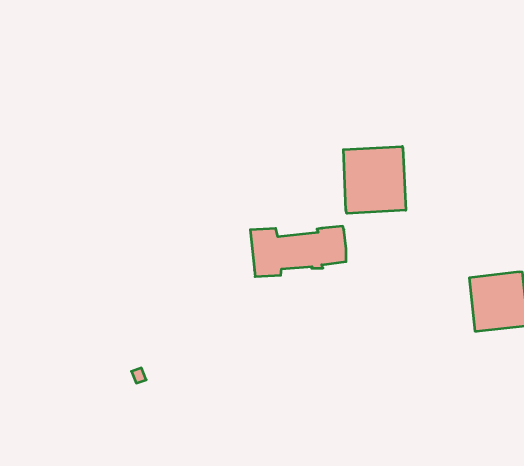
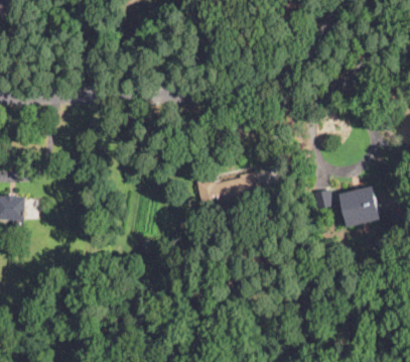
building: [343,146,406,213] -> none

